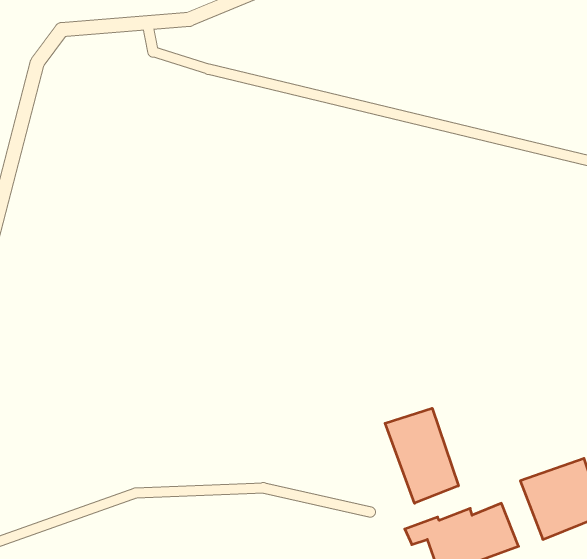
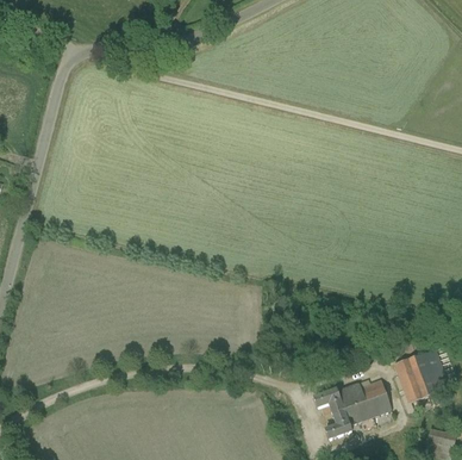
building: [385,408,458,503] -> none

